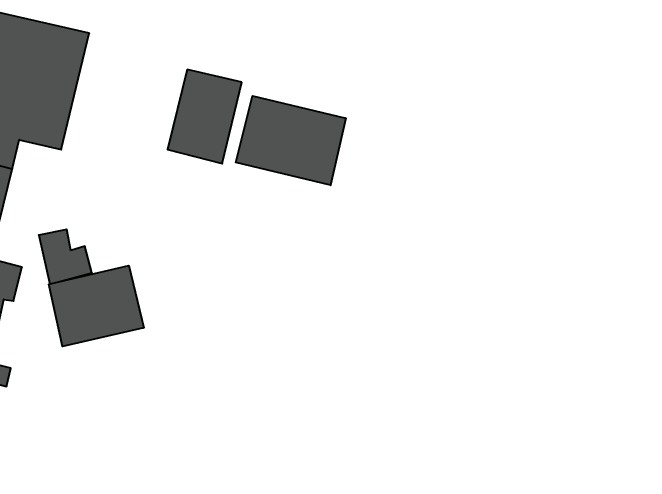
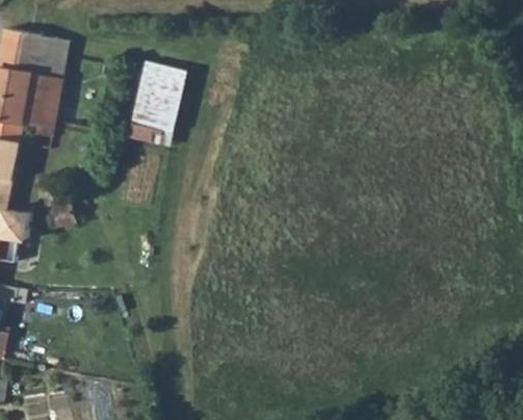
building: [236,96,346,185] -> none
building: [49,266,144,346] -> none

